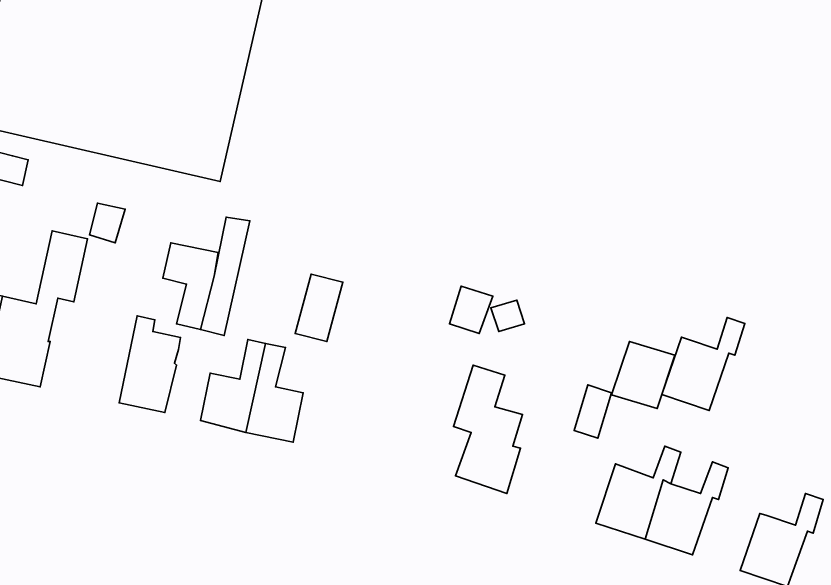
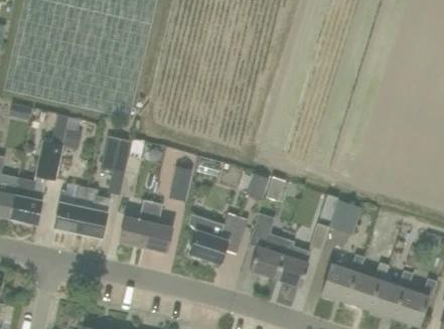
building: none -> [53,185,87,231]
building: [662,318,745,410] -> [369,270,412,317]
building: none -> [186,212,248,264]
building: none -> [275,237,309,286]

